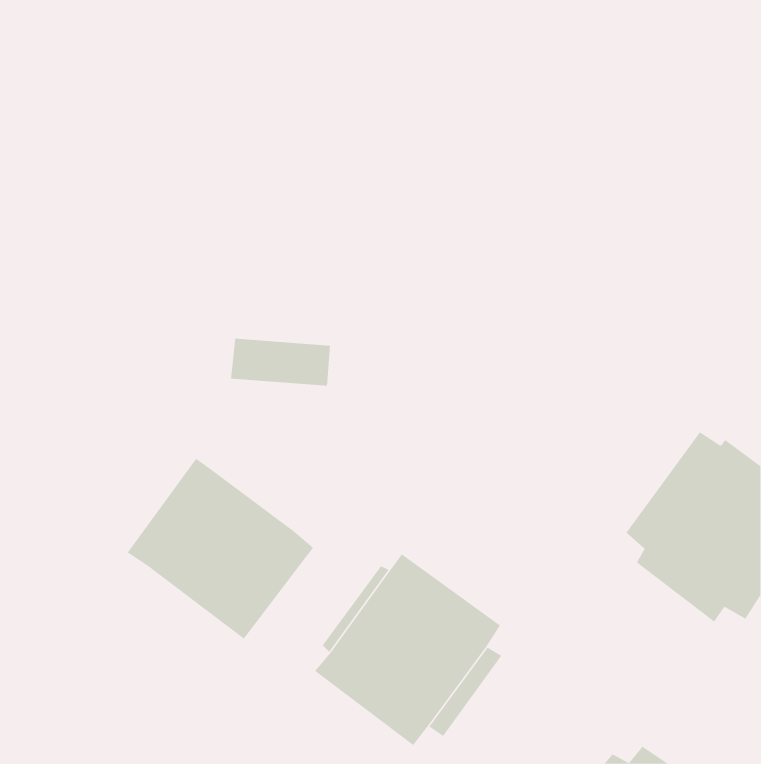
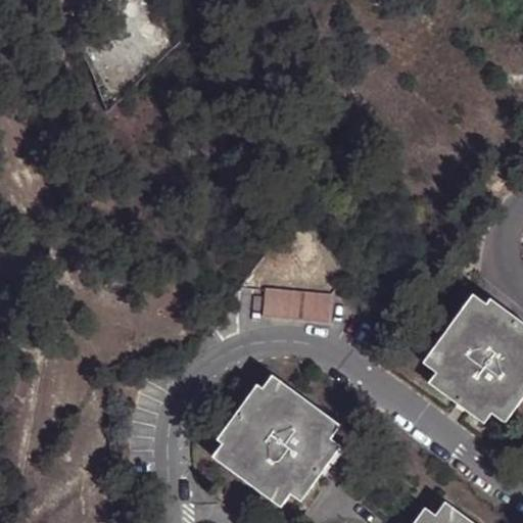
building: [230,338,331,386] -> [263,287,331,320]
building: [127,458,314,640] -> none

